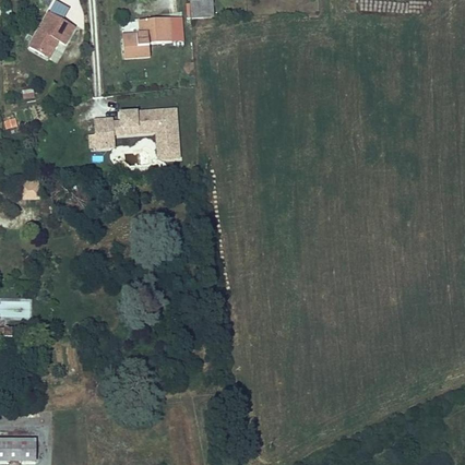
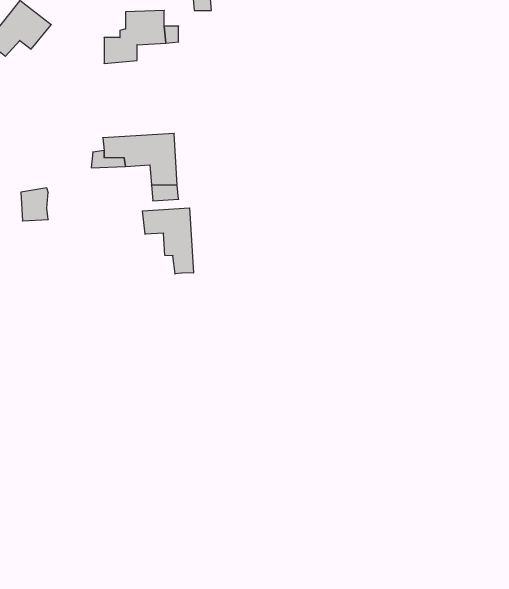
building: [96,121,117,146] -> [21,188,48,221]
building: none -> [142,208,193,274]

